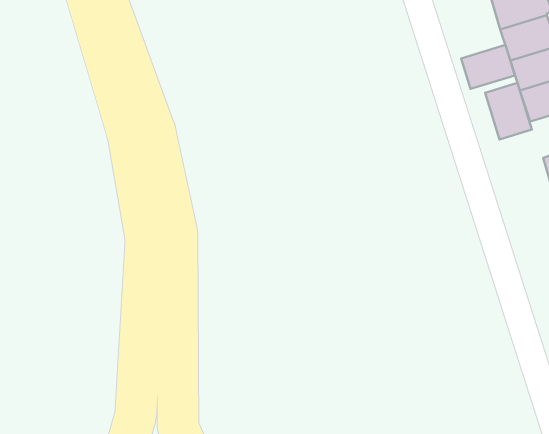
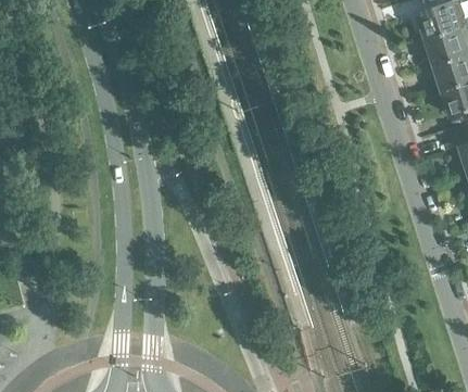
building: [461,45,515,89] -> none
building: [485,83,532,139] -> none

